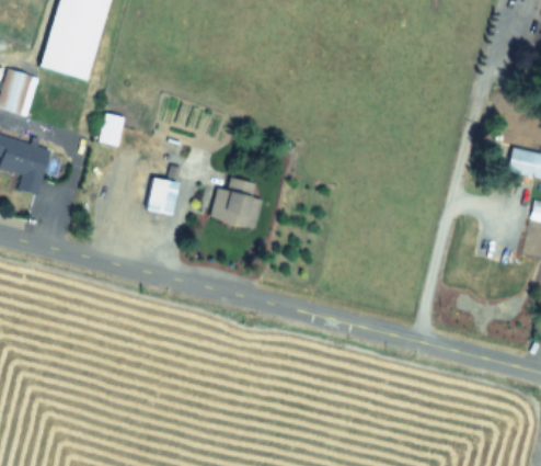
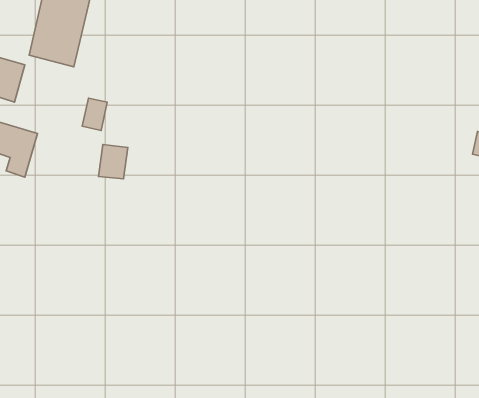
building: [209,177,262,230] -> none
building: [147,178,177,214] -> [99,144,128,179]

